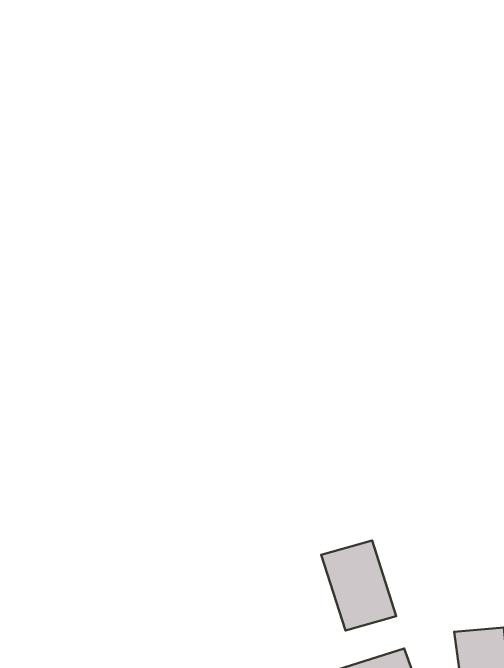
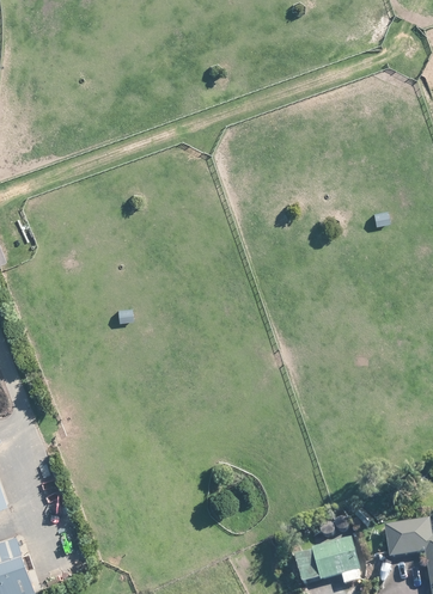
building: [321,540,396,630] -> none

